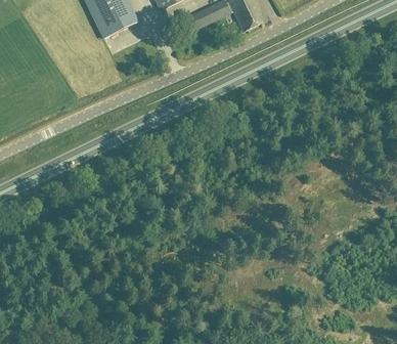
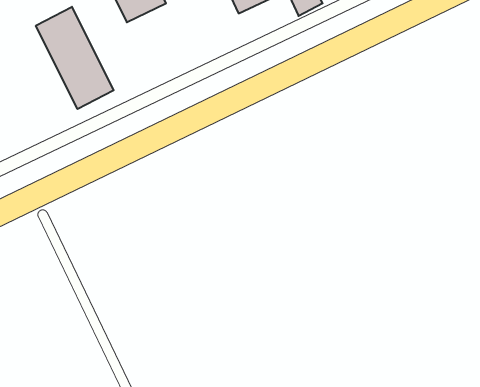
building: none -> [36,7,114,109]

